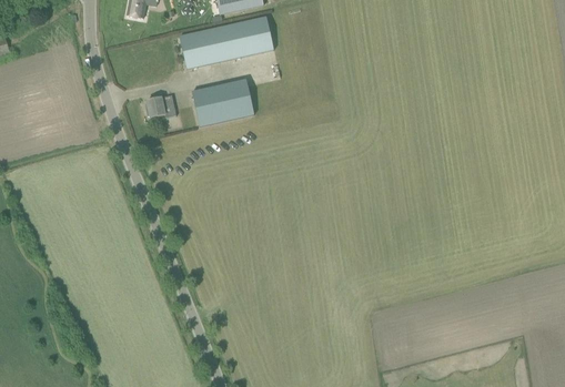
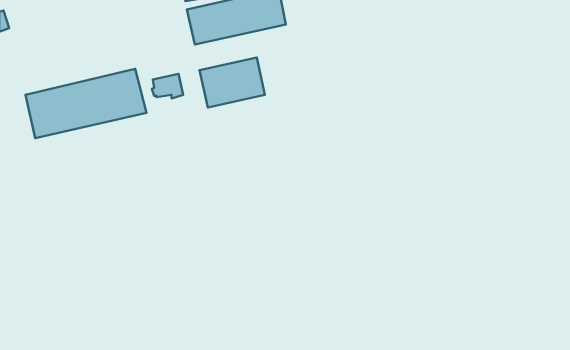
building: none -> [26,69,147,138]

